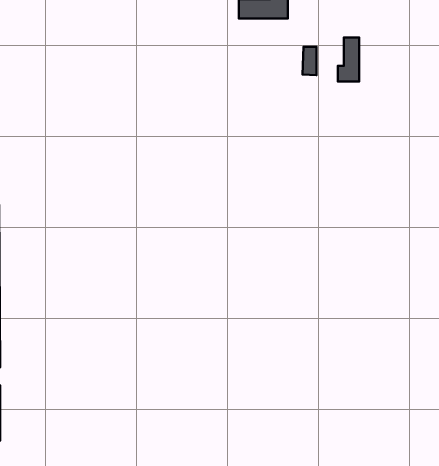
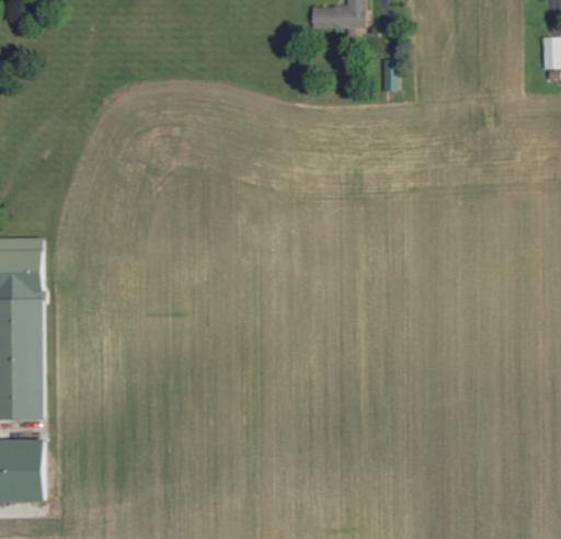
building: [338,38,359,82] -> none

